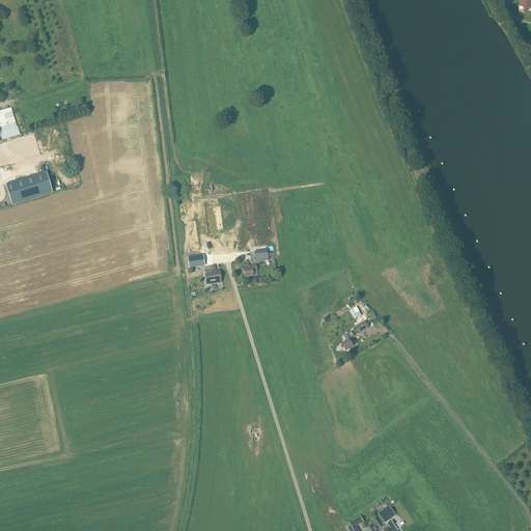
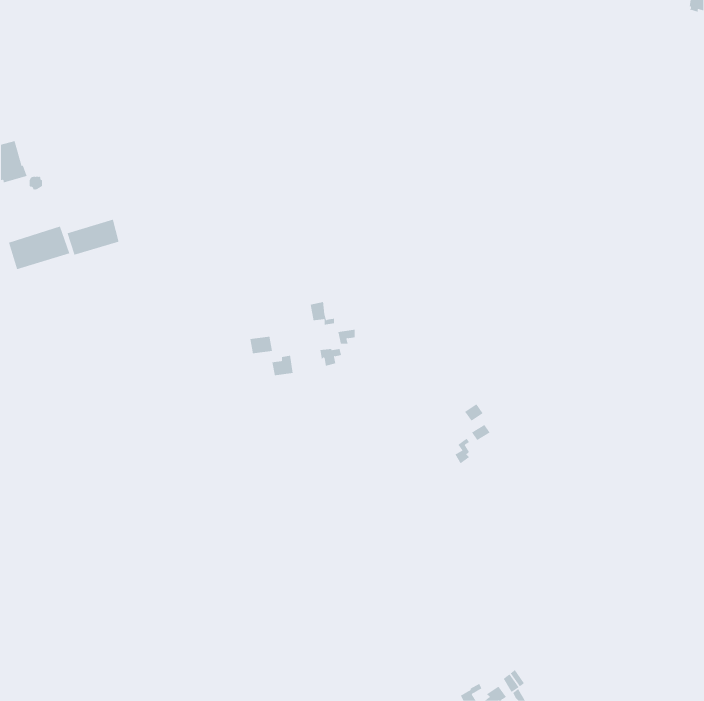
building: none -> [67,219,119,256]

